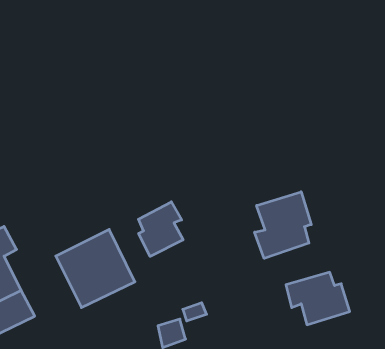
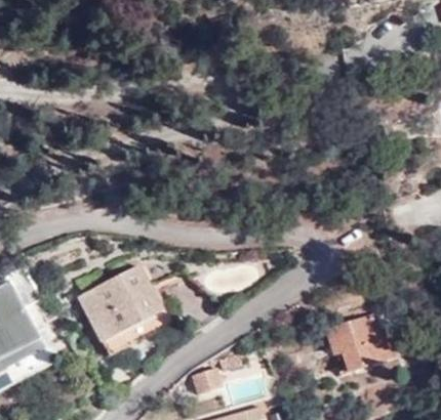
building: [255,192,311,258] -> none
building: [138,202,183,256] -> none

